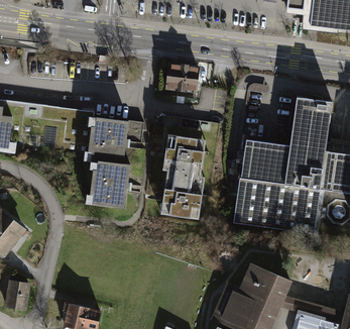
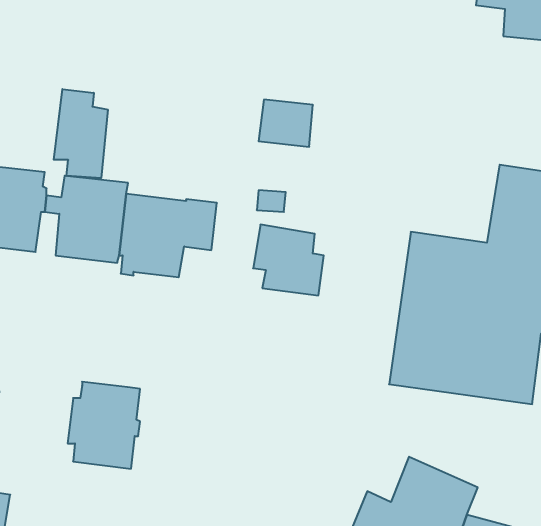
building: none -> [54,89,108,178]
building: [89,159,129,208] -> [68,382,140,469]
building: [162,169,202,217] -> none

